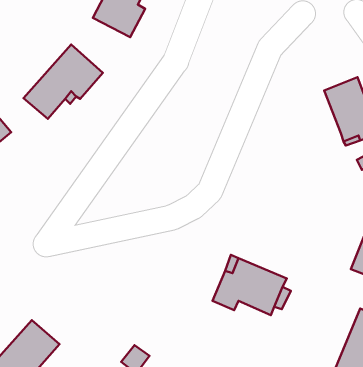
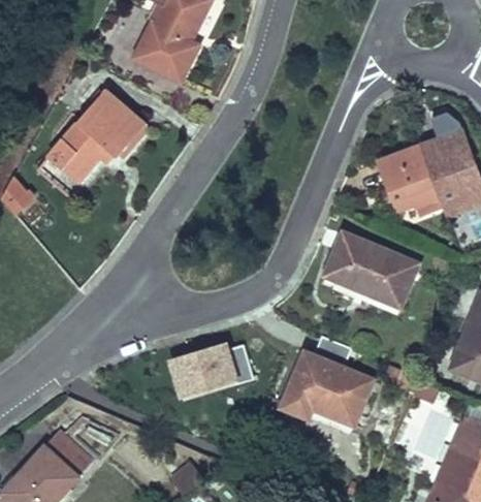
building: none -> [378,147,440,210]
building: none -> [327,231,417,305]
building: none -> [165,340,253,406]

